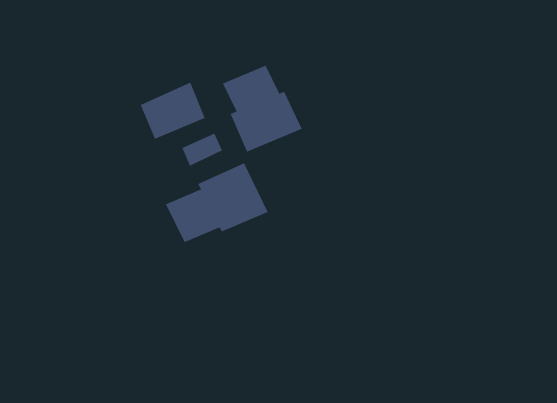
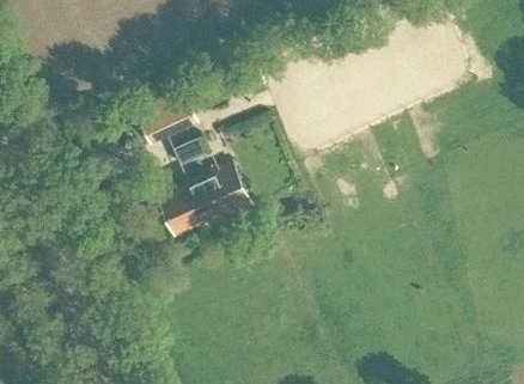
building: [222,65,303,153] -> none

